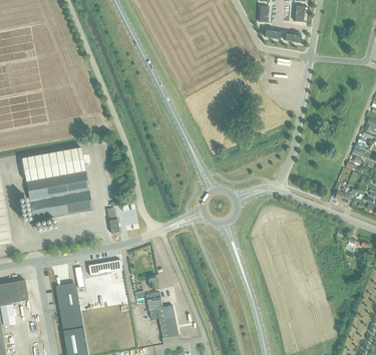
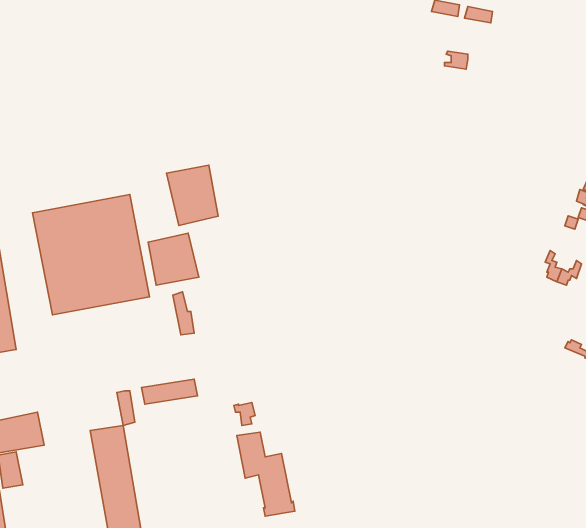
building: none -> [167,165,218,225]
building: none -> [148,233,199,285]

